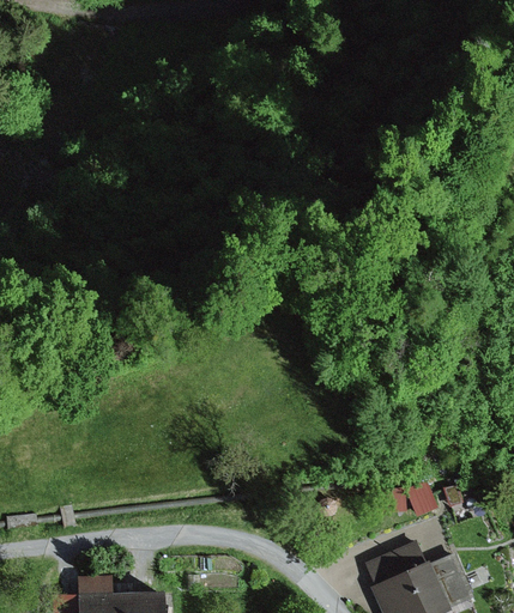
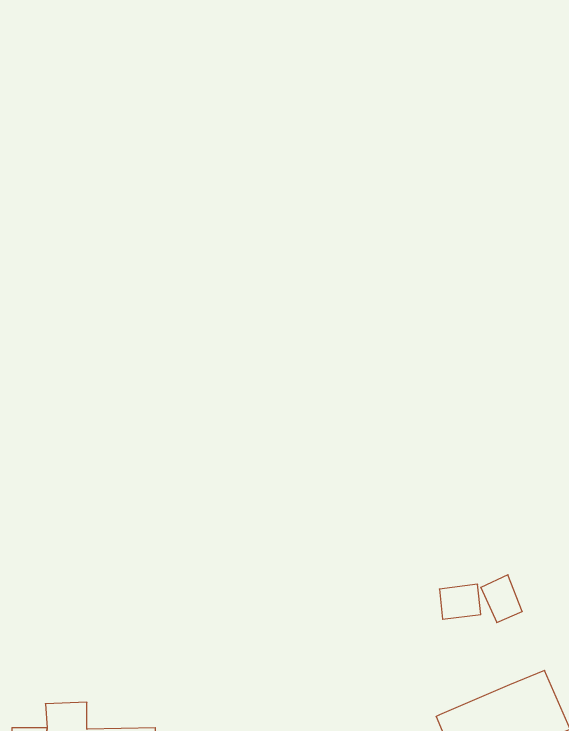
building: [365,541,428,588] -> none

